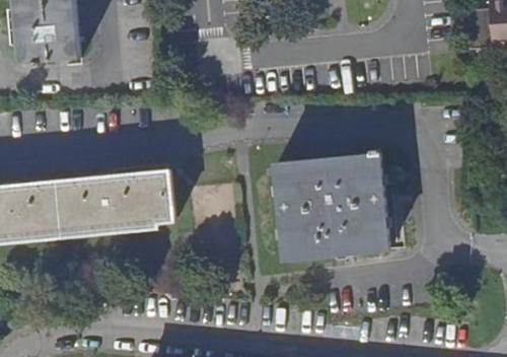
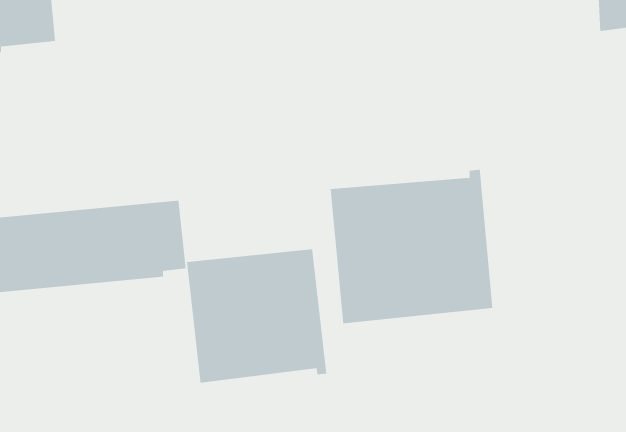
building: none -> [187,249,327,384]

